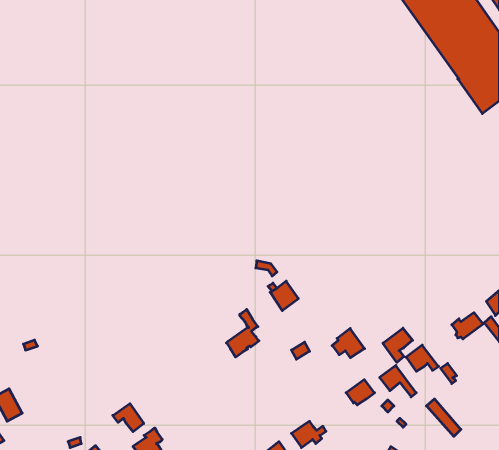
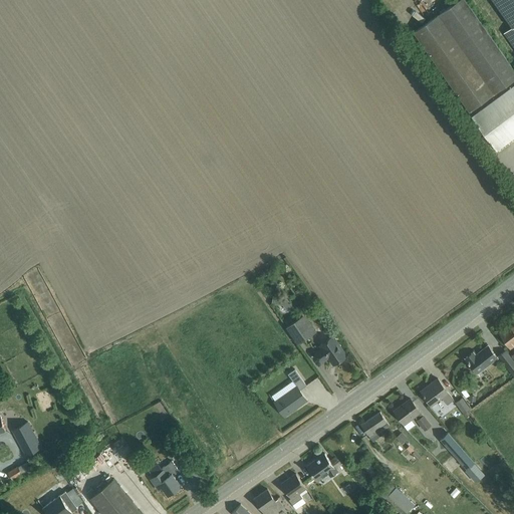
building: [226,309,259,357] -> [275,369,307,417]
building: [383,328,413,362] -> none
building: [332,328,365,358] -> [315,336,347,365]
building: [113,404,144,432] -> none

